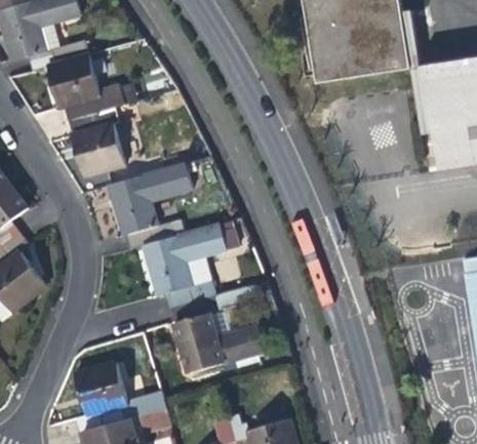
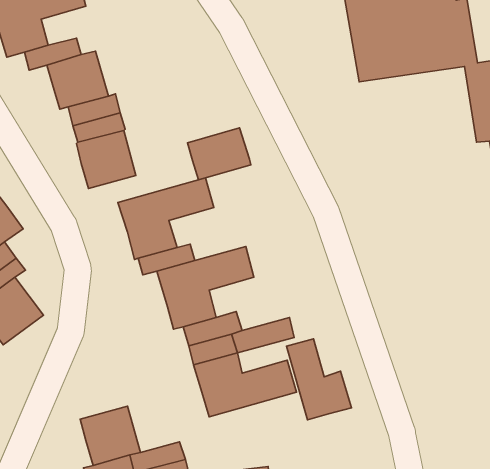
building: none -> [187,128,251,180]
building: none -> [286,339,351,420]

